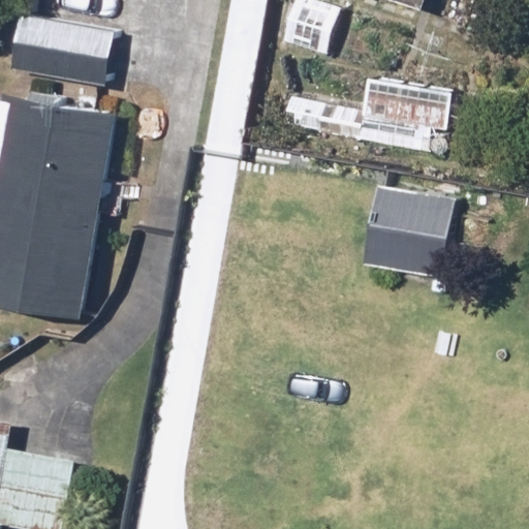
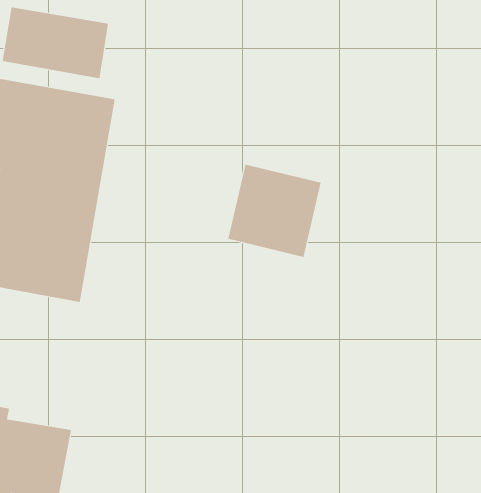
building: [280,74,458,154] -> none
building: [359,183,459,282] -> [227,164,322,257]

